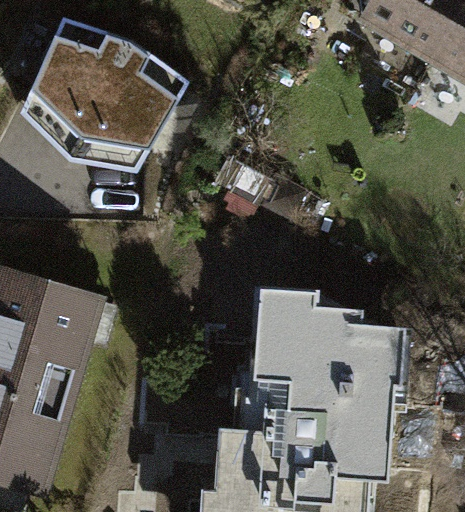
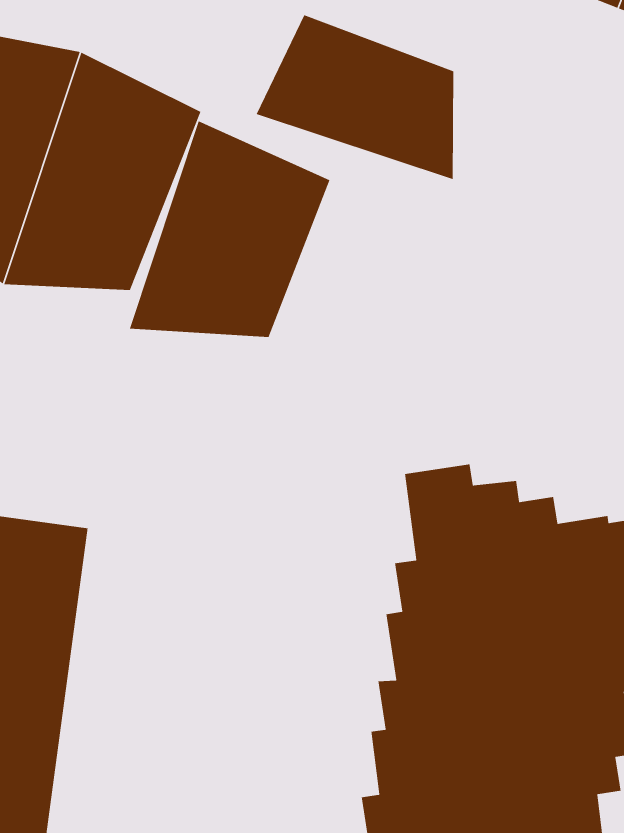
building: none -> [256,14,454,180]
building: none -> [129,120,331,338]

